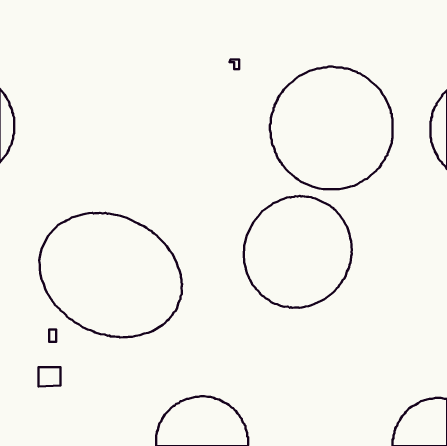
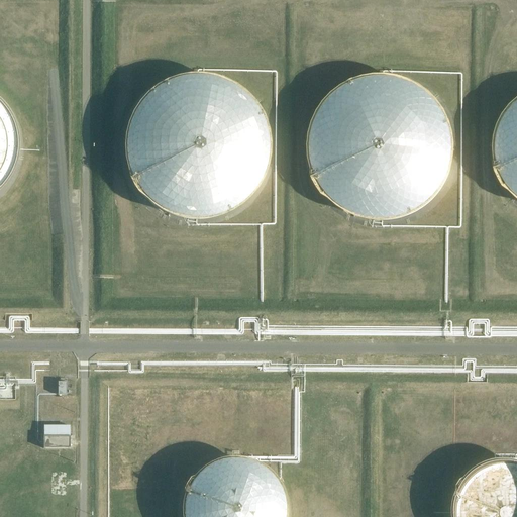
building: none -> [125,76,267,217]
building: [244,196,352,308] -> none
building: [39,213,182,337] -> none

